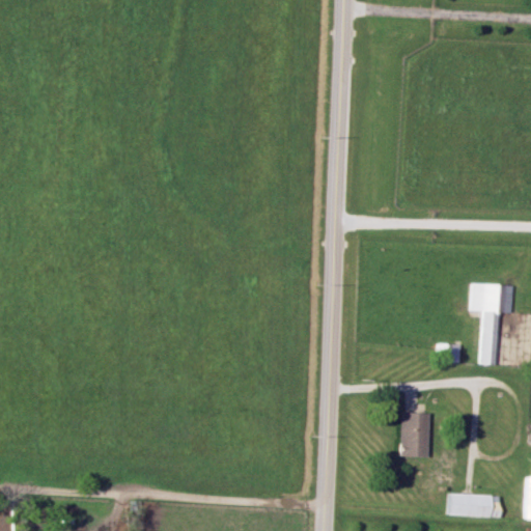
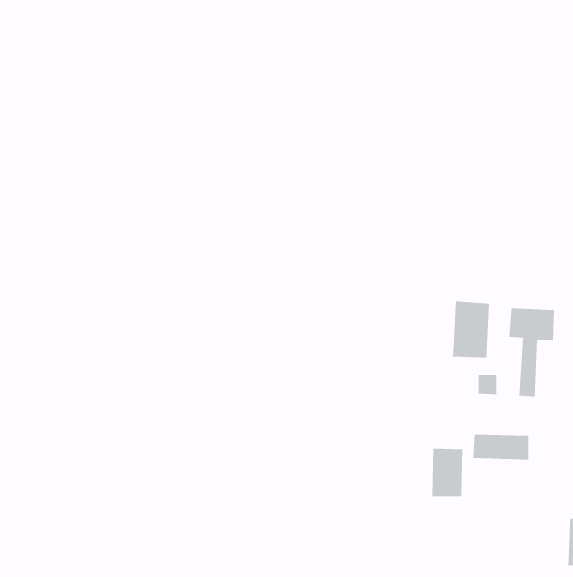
building: none -> [453,300,490,359]
building: [449,494,501,518] -> [473,434,529,460]

